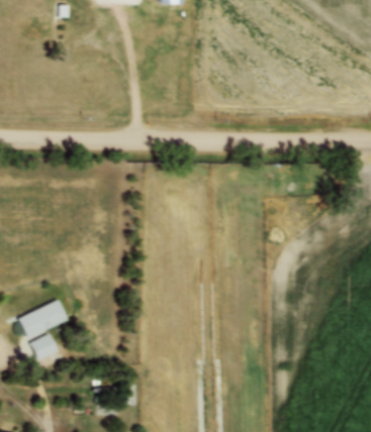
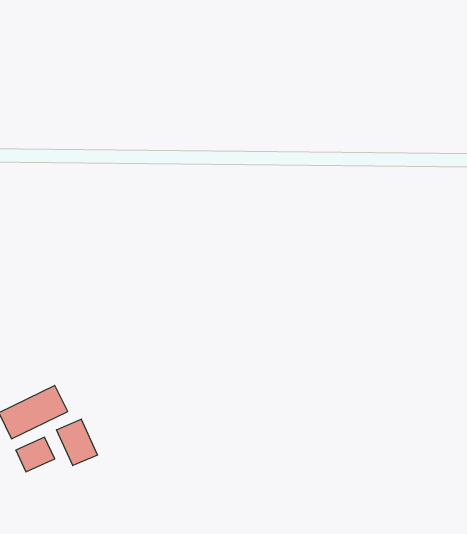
building: none -> [57,419,97,466]

